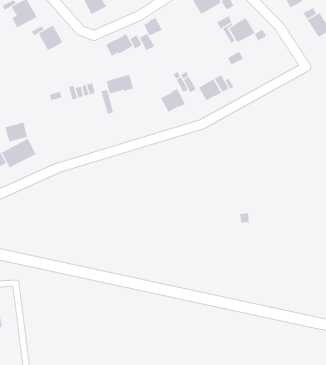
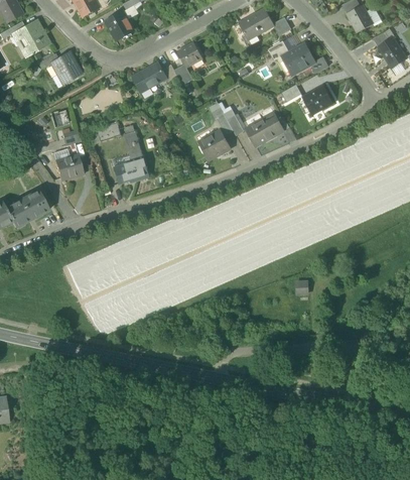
building: none -> [303,85,333,114]
building: [106,74,134,94] -> [115,158,149,183]
building: [5,122,28,142] -> [55,153,84,178]

